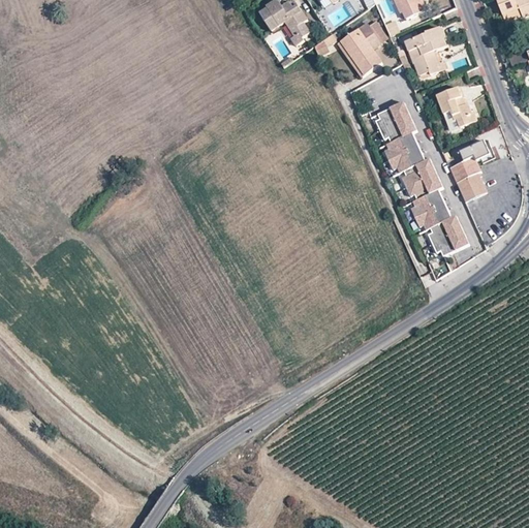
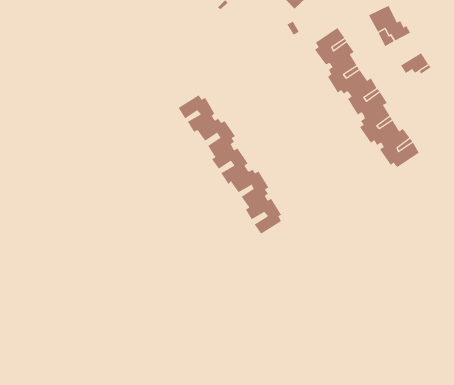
building: none -> [178,94,282,235]
building: [449,156,486,199] -> none

